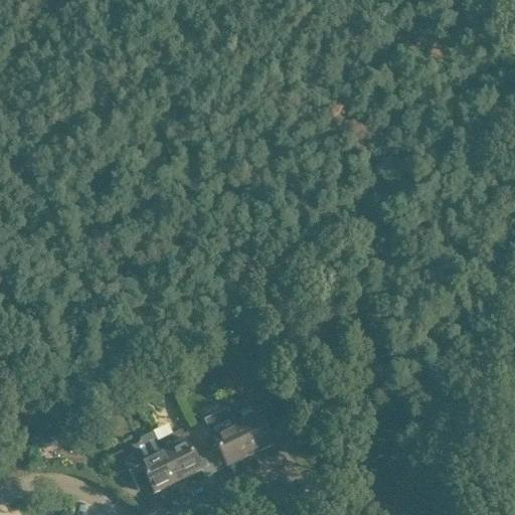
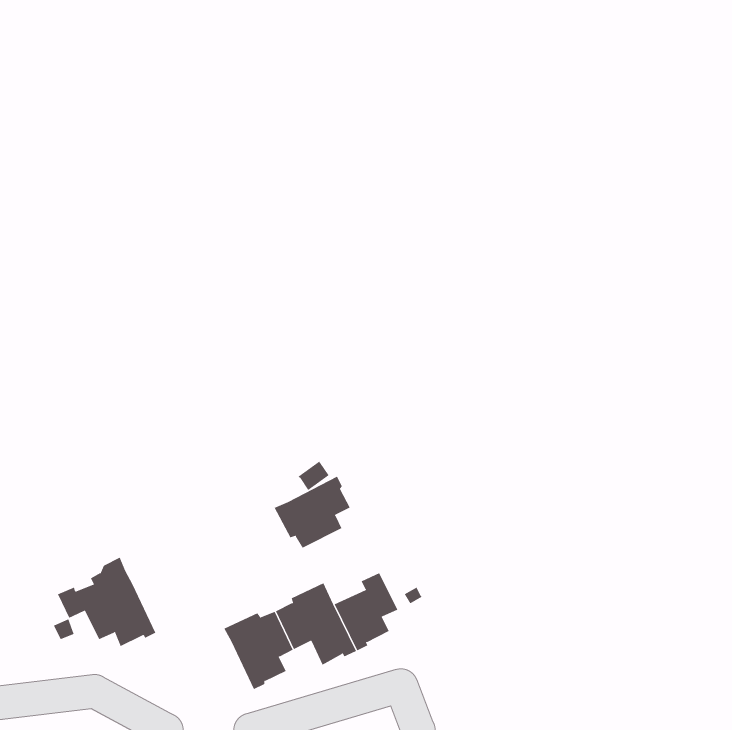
building: none -> [274,476,351,549]
building: [109,432,178,495] -> [57,557,156,647]

